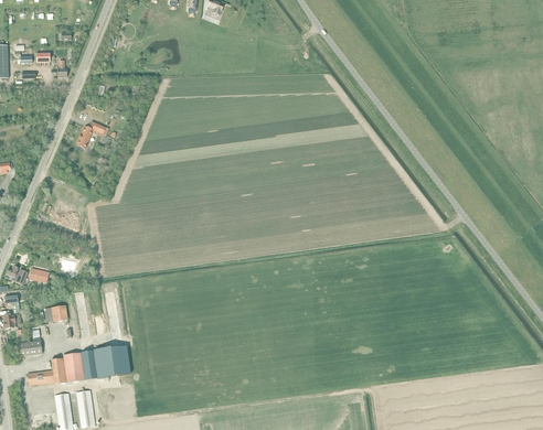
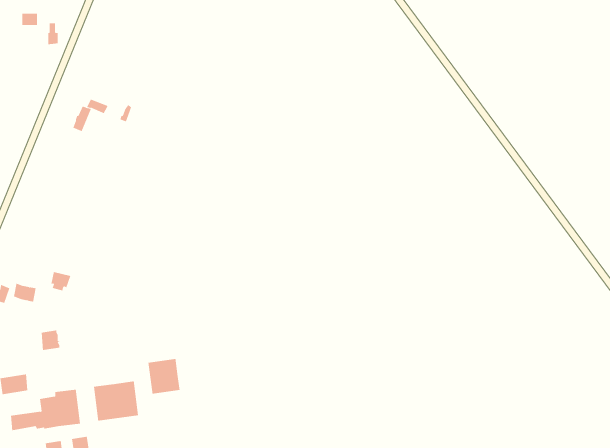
building: none -> [148,358,180,395]

